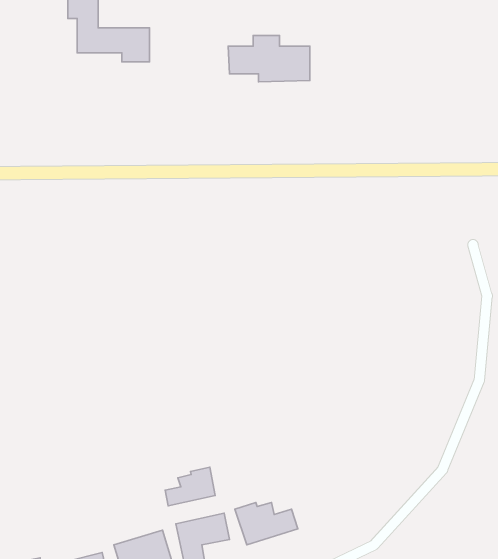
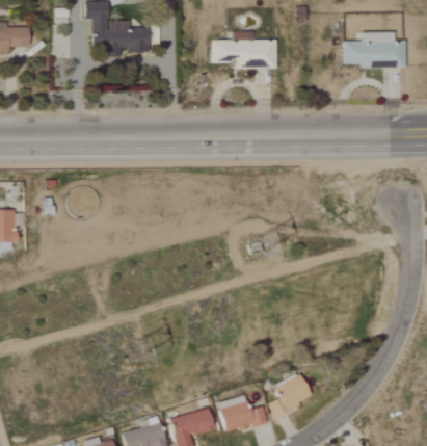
building: none -> [345,31,406,68]
building: [165,467,215,506] -> none
building: none -> [269,374,312,415]

